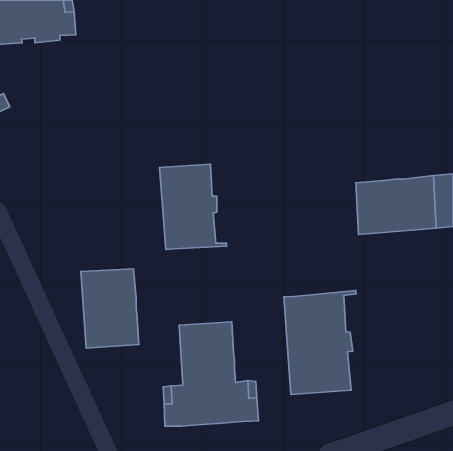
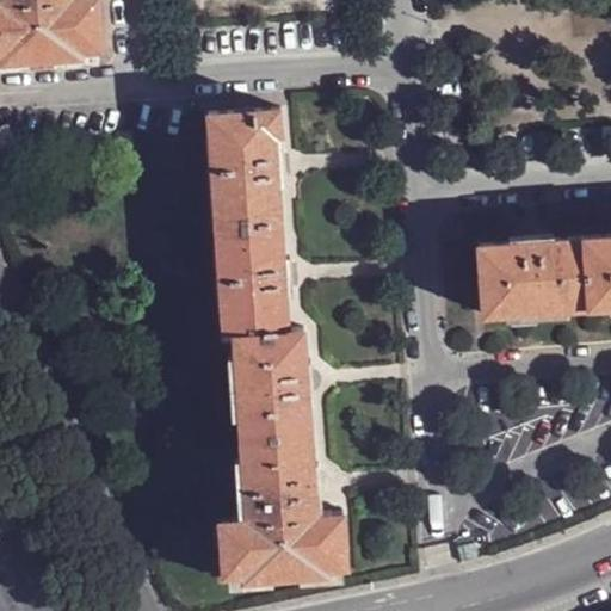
building: none -> [206,112,283,230]
building: [81,269,139,348] -> [233,335,310,442]
building: [284,291,356,395] -> none

